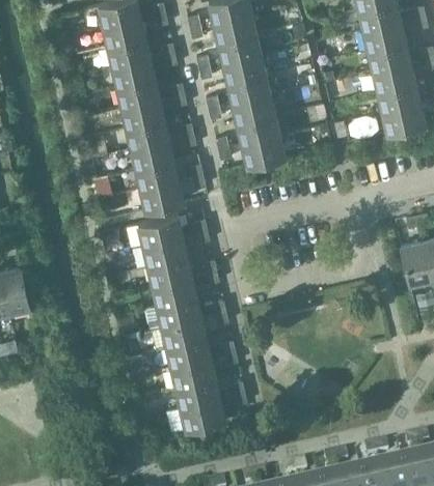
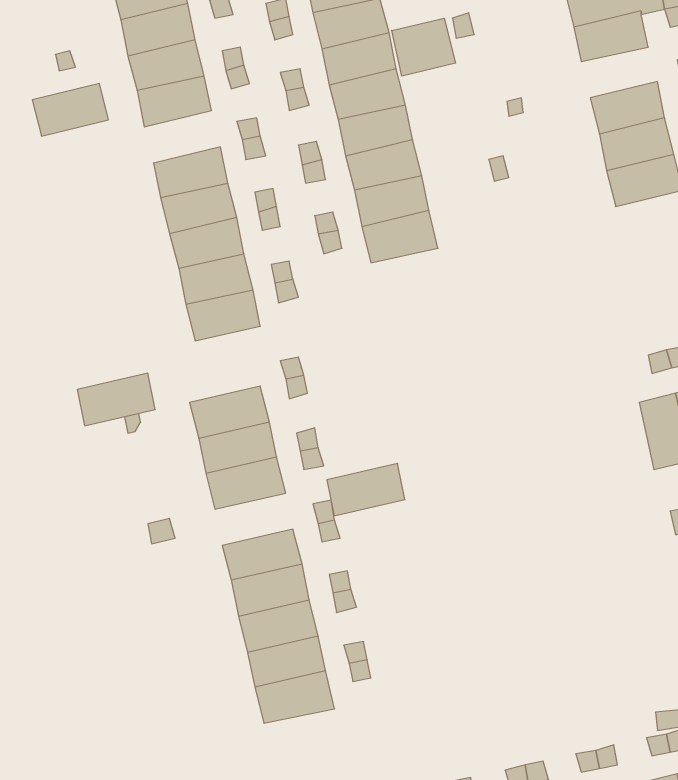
building: none -> [392,18,455,76]
building: [368,46,411,75] -> none
building: [117,82,161,112] -> [32,83,108,136]
building: [139,219,184,249] -> [77,373,155,426]
building: [158,301,202,331] -> [327,463,405,516]

